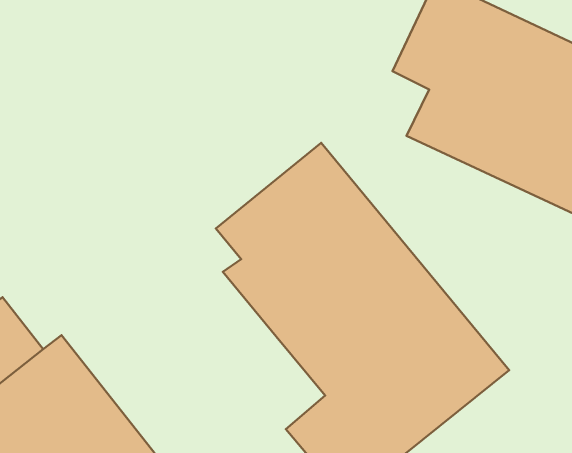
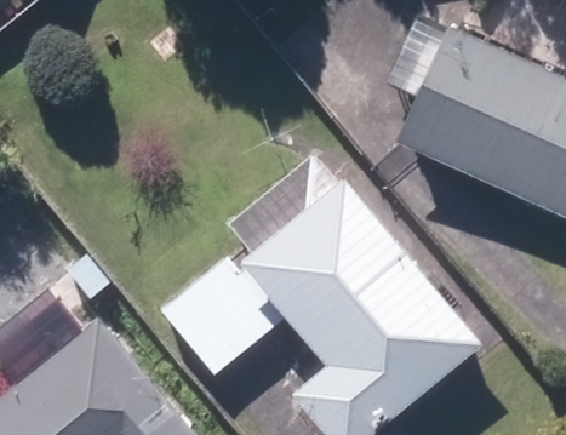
building: none -> [156,259,285,378]

